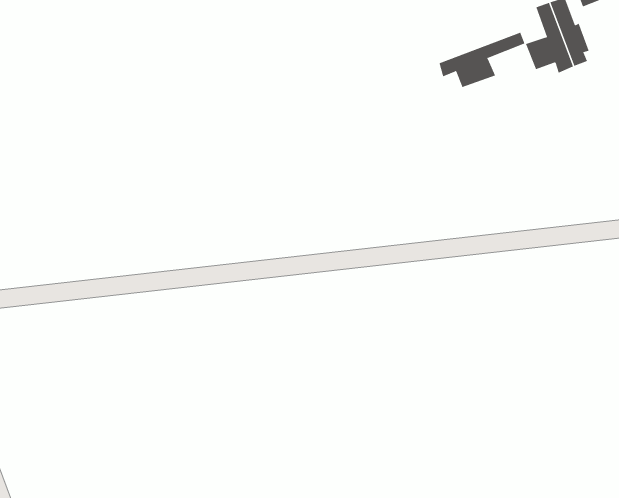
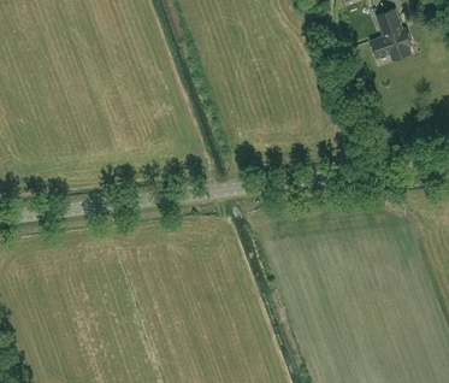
building: [439,32,525,88] -> none

